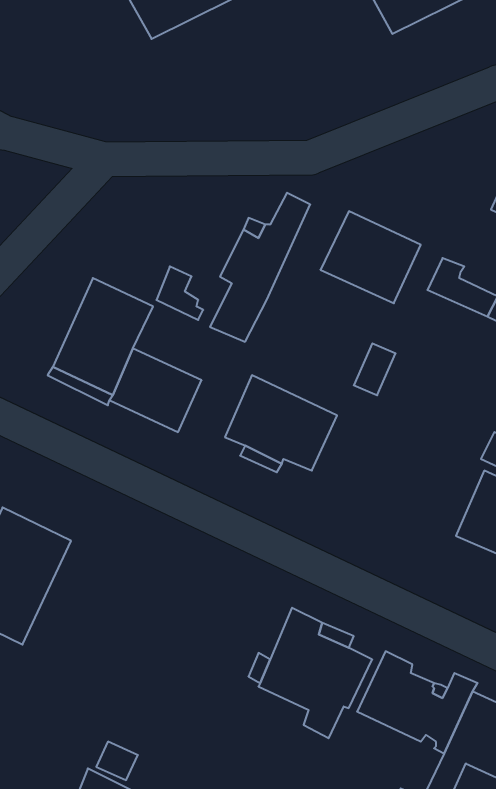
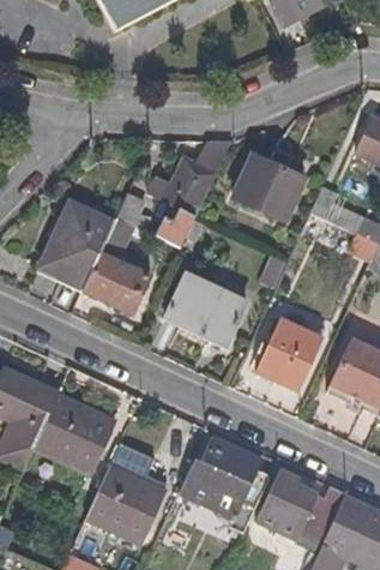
building: none -> [257,318,320,389]
building: none -> [35,396,115,474]
building: none -> [84,448,163,541]

